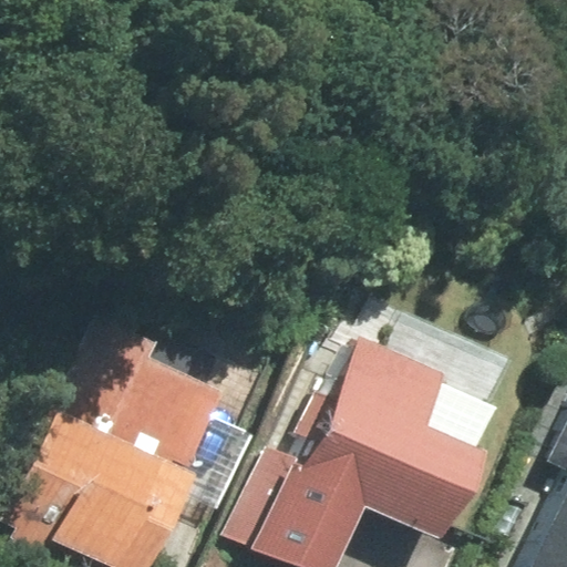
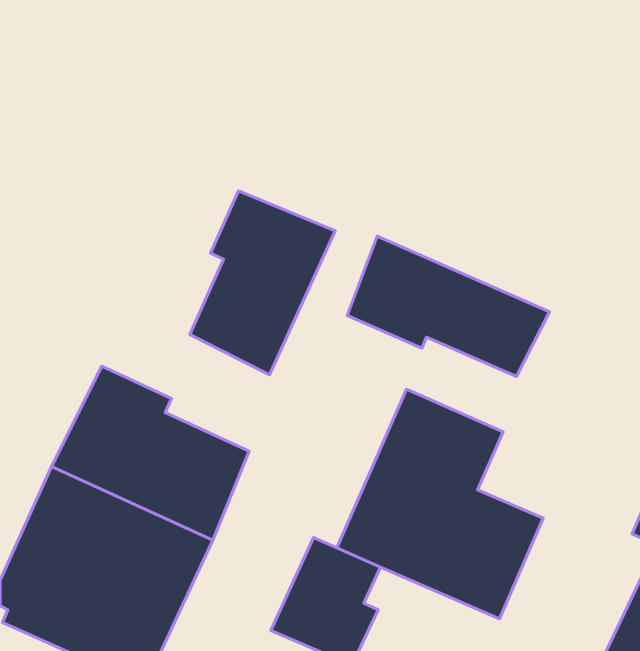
building: none -> [190,191,335,375]
building: none -> [347,236,550,376]

